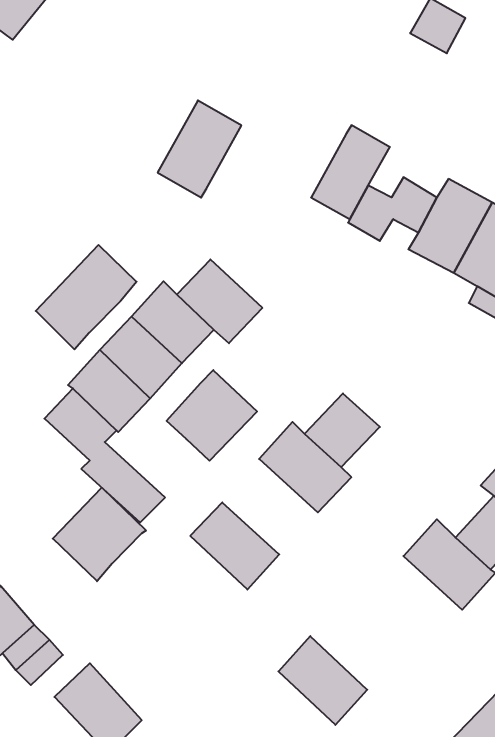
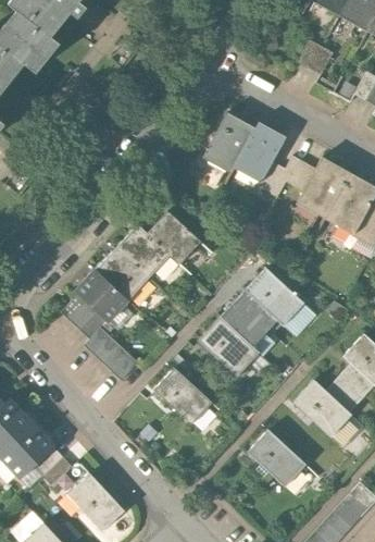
building: [158,100,241,198] -> [202,112,257,175]
building: [36,245,137,349] -> none
building: none -> [246,267,305,325]
building: [167,370,257,461] -> none
building: [53,488,146,581] -> none
building: [278,636,367,725] -> [249,430,307,488]

